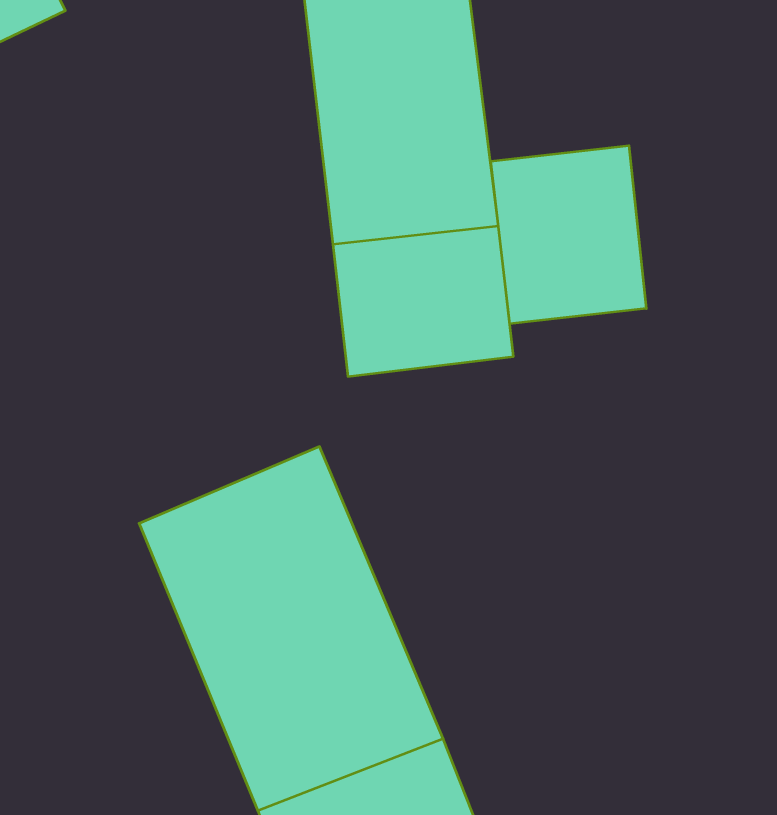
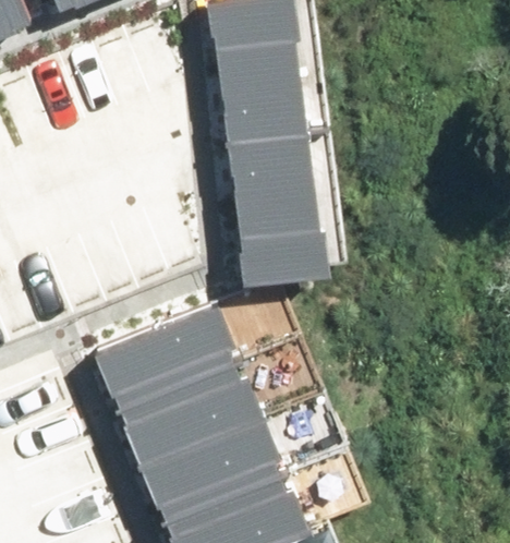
building: [491,146,646,324] -> none

